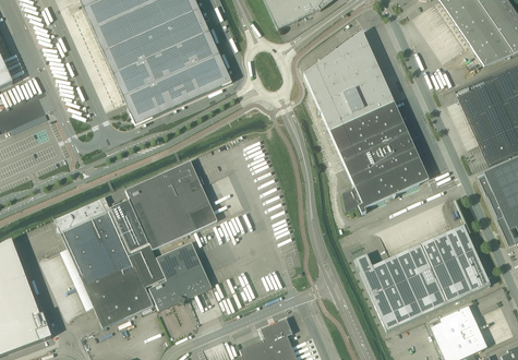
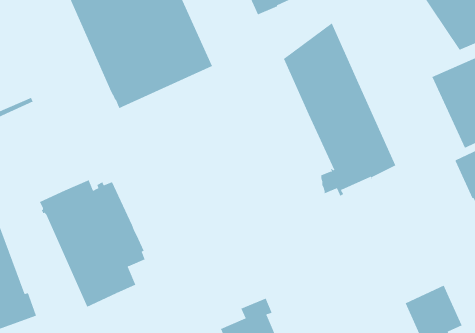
building: [125,159,217,249] -> none
building: [357,224,490,331] -> none
building: [148,241,212,311] -> none

